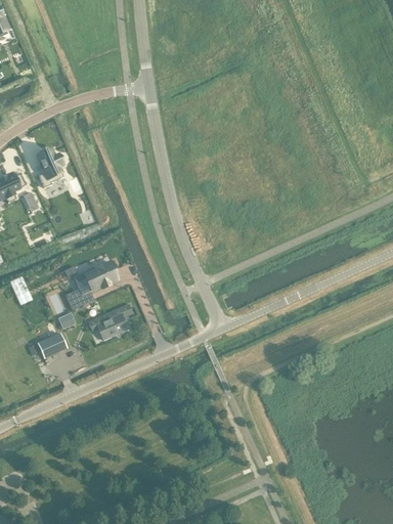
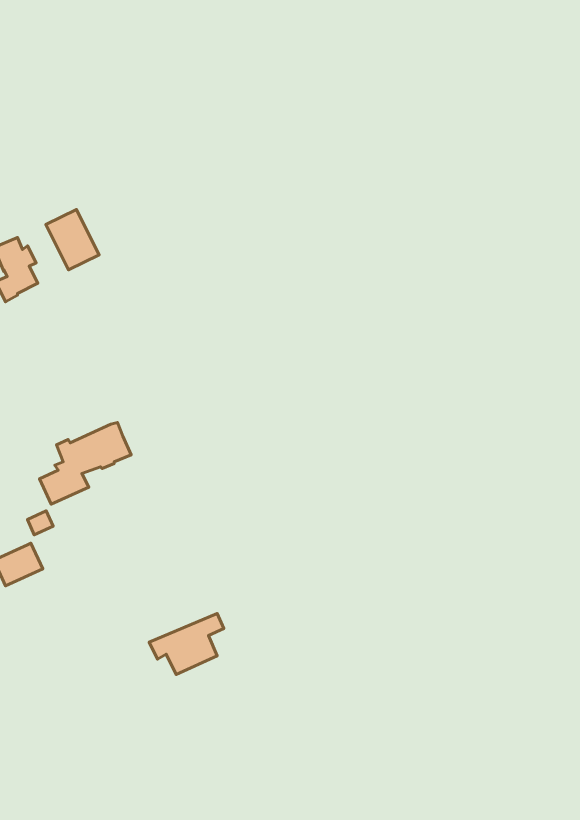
building: none -> [46,209,99,270]
building: [87,302,132,339] -> [149,613,224,675]

